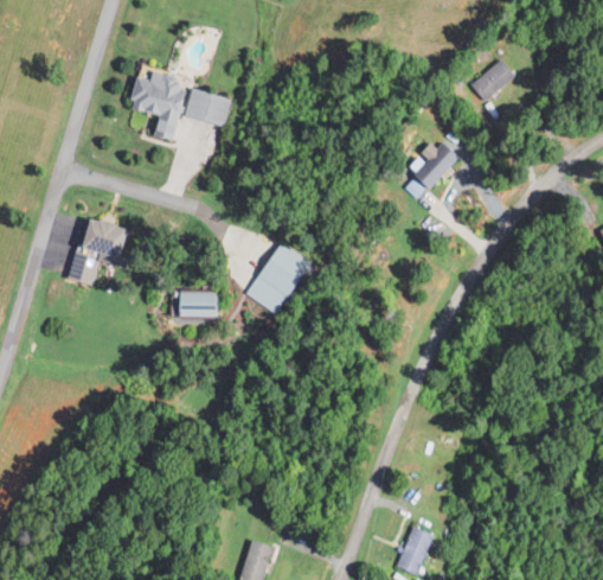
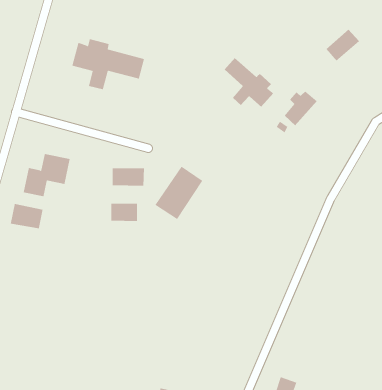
building: none -> [224,57,274,108]
building: none -> [112,168,144,186]
building: none -> [10,203,43,229]

